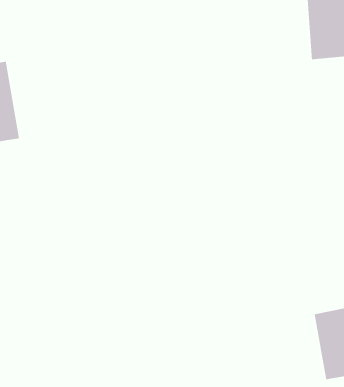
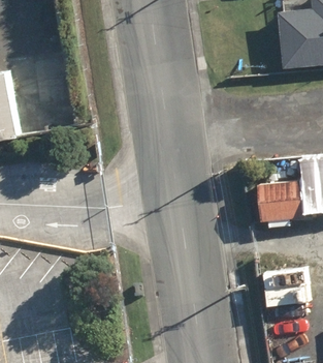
building: none -> [255,173,303,215]

